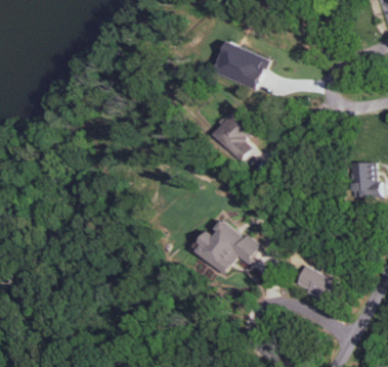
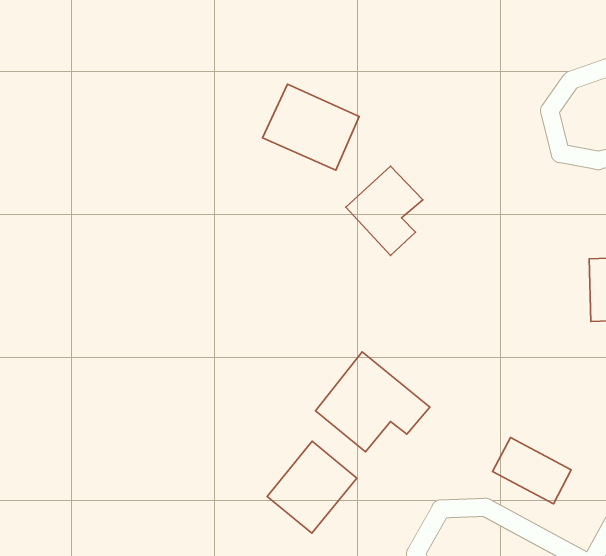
building: [212,41,267,90] -> [262,84,359,170]
building: none -> [267,441,357,533]

